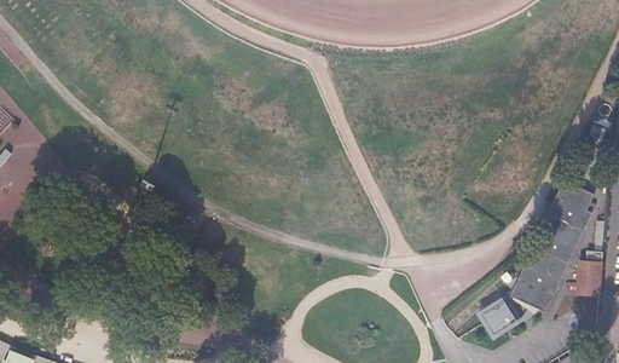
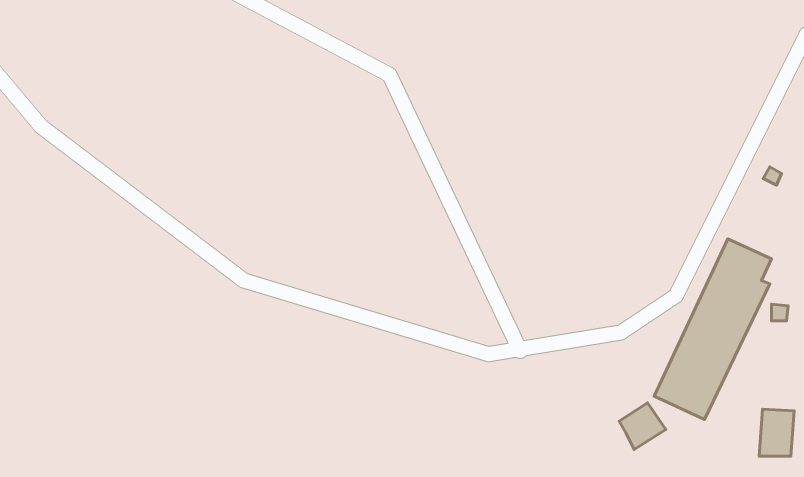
building: [575,260,601,294] -> [759,409,794,456]

